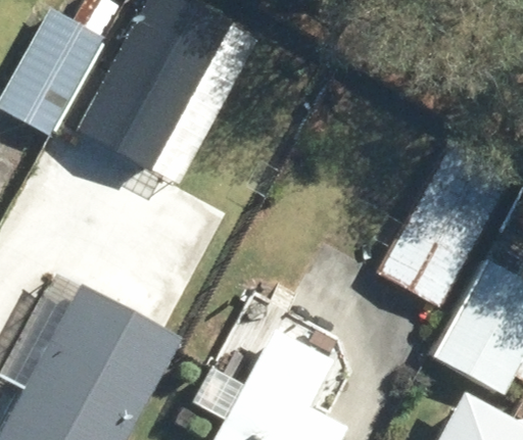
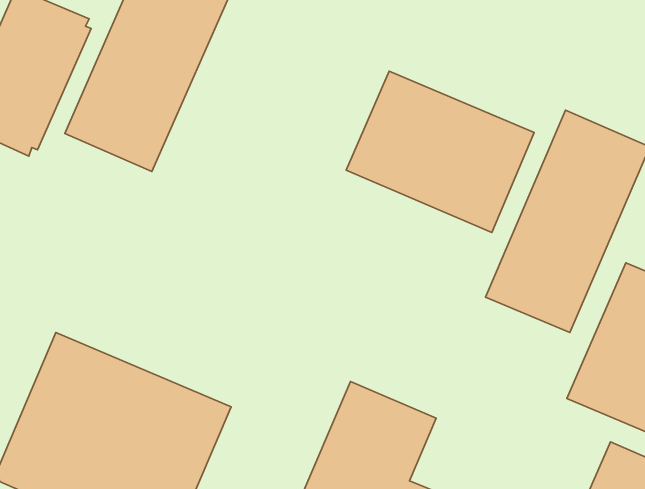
building: none -> [346,71,534,233]

